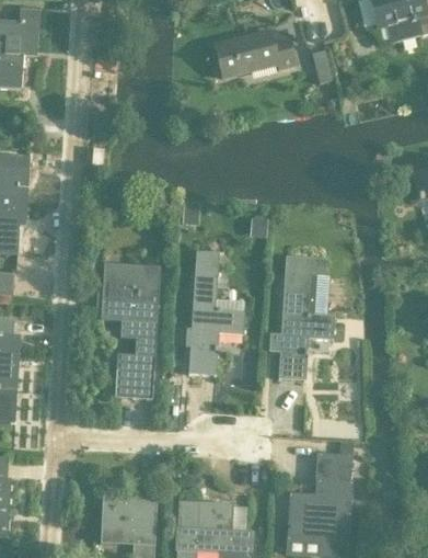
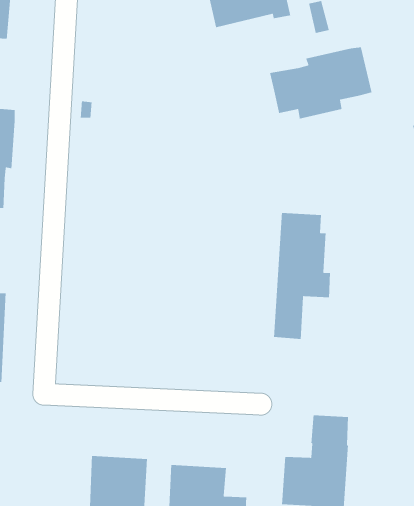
building: none -> [269,46,373,119]
building: [188,251,244,375] -> none
building: [101,263,160,399] -> none

